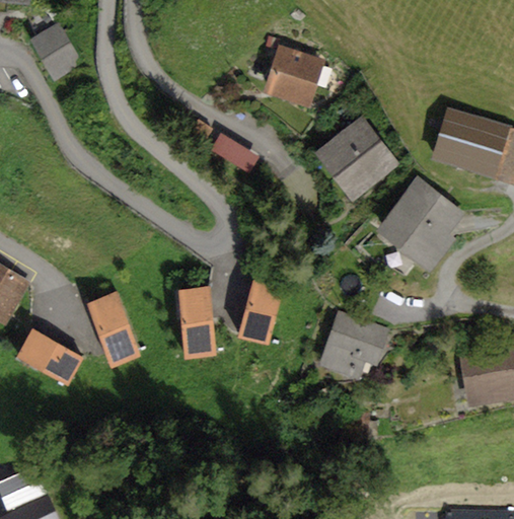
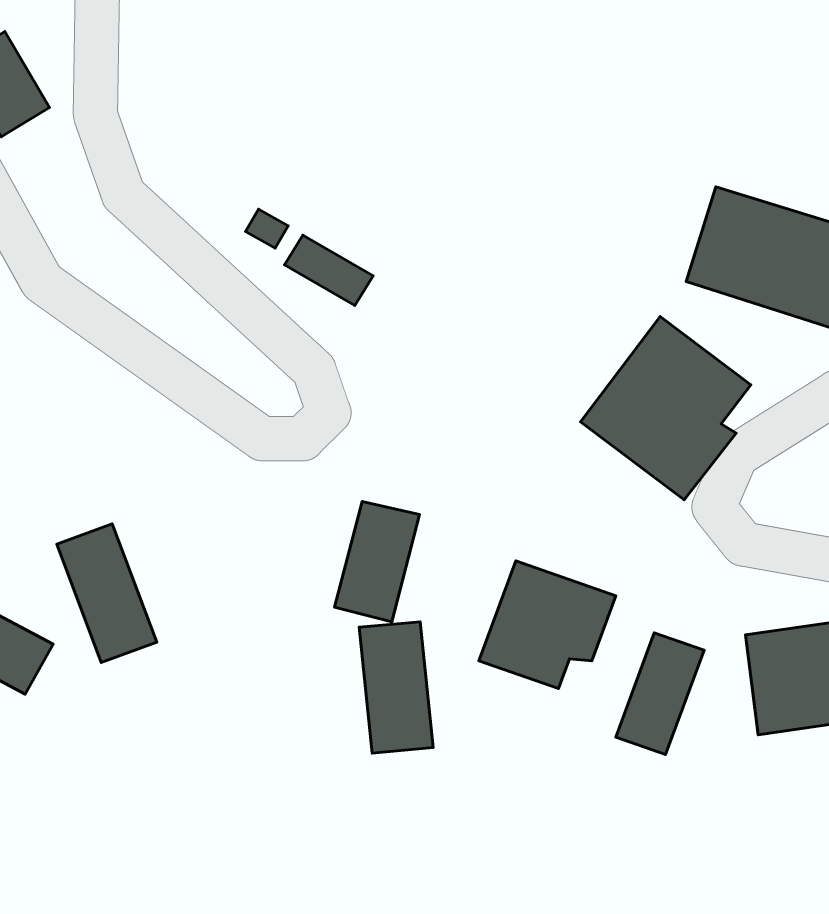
building: [262,43,324,105] -> none
building: [312,114,399,201] -> none
building: [176,286,217,358] -> [359,622,433,753]
building: none -> [616,633,704,754]

